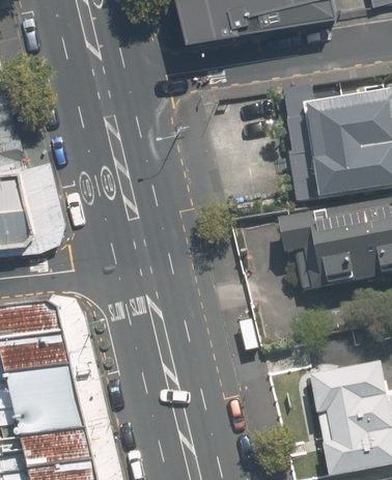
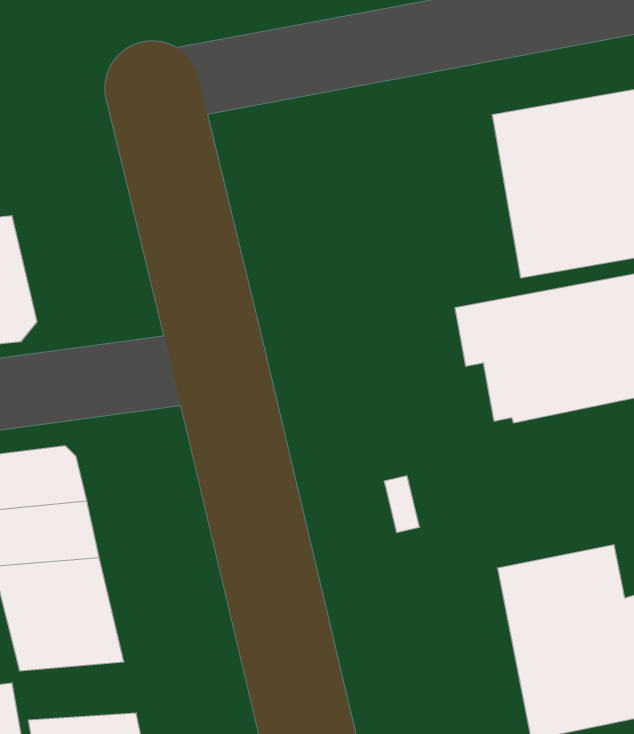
building: [23,428,93,462] -> none

